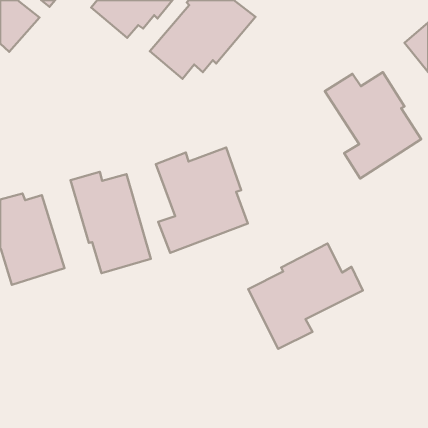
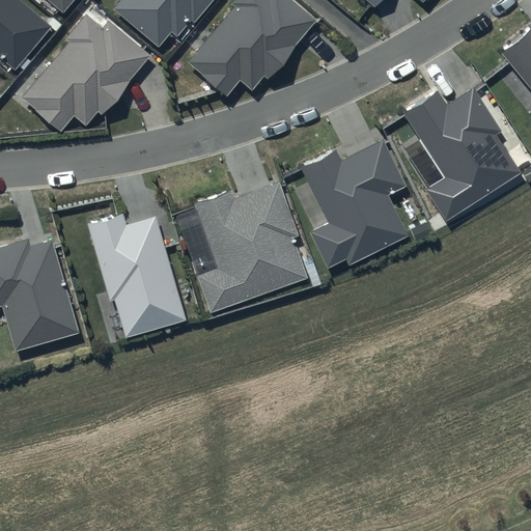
building: none -> [22,12,152,132]
building: none -> [300,140,409,268]
building: [248,244,363,349] -> none

